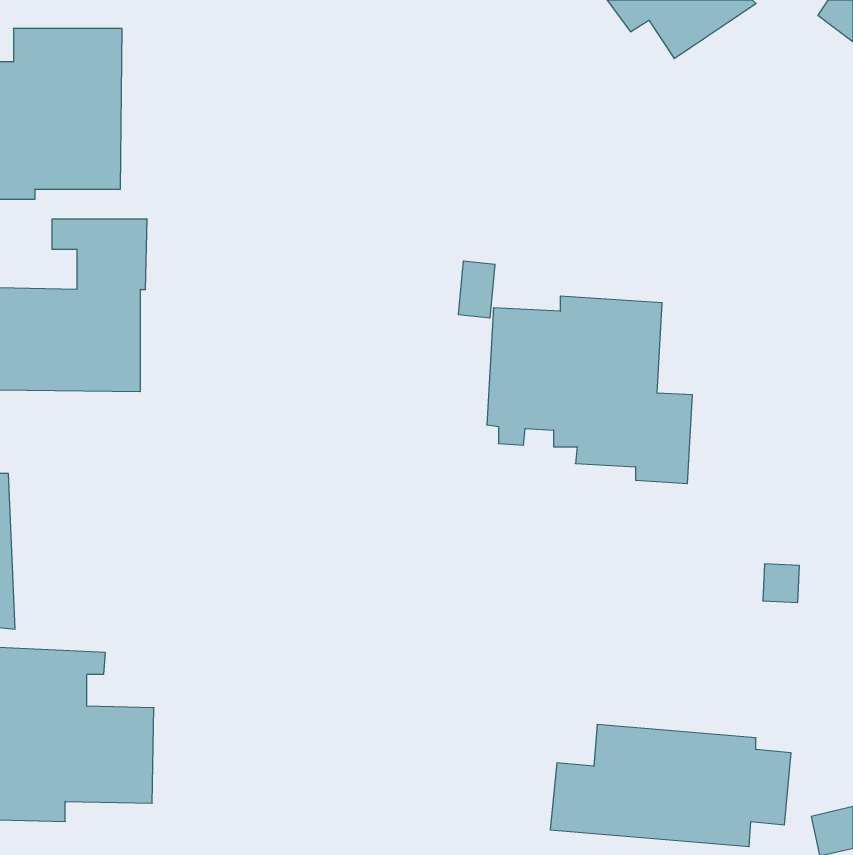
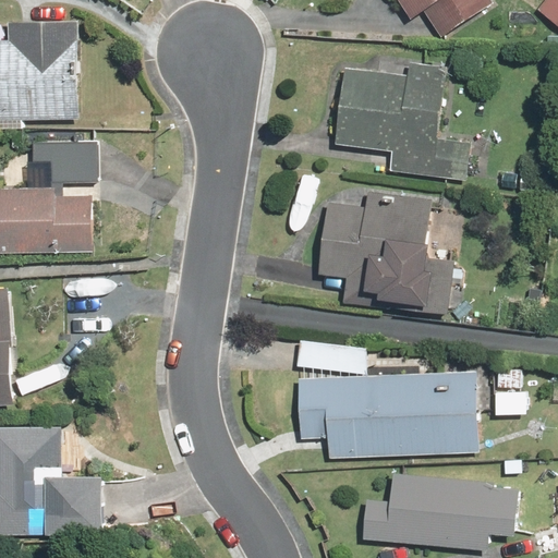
building: none -> [333,62,472,180]
building: none -> [293,339,480,457]

